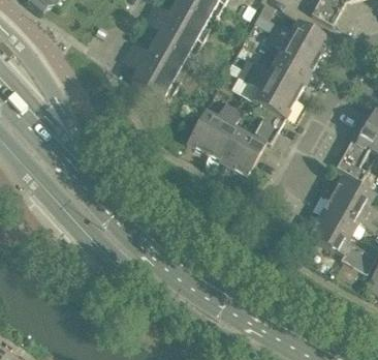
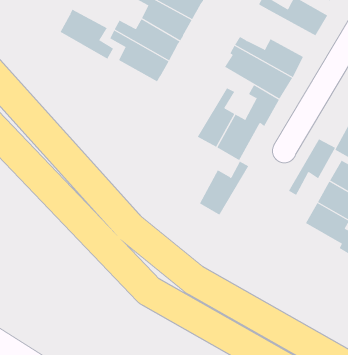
building: none -> [60,9,114,59]
building: [266,31,319,77] -> none
building: [187,100,234,152] -> [199,161,249,215]
building: none -> [288,138,336,196]

